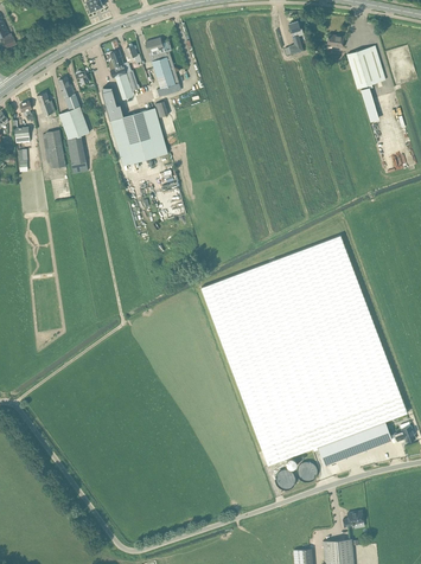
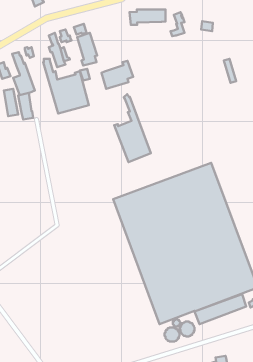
building: none -> [129,10,166,25]
building: [346,45,385,88] -> none
building: none -> [101,61,133,89]
building: none -> [114,94,151,162]

